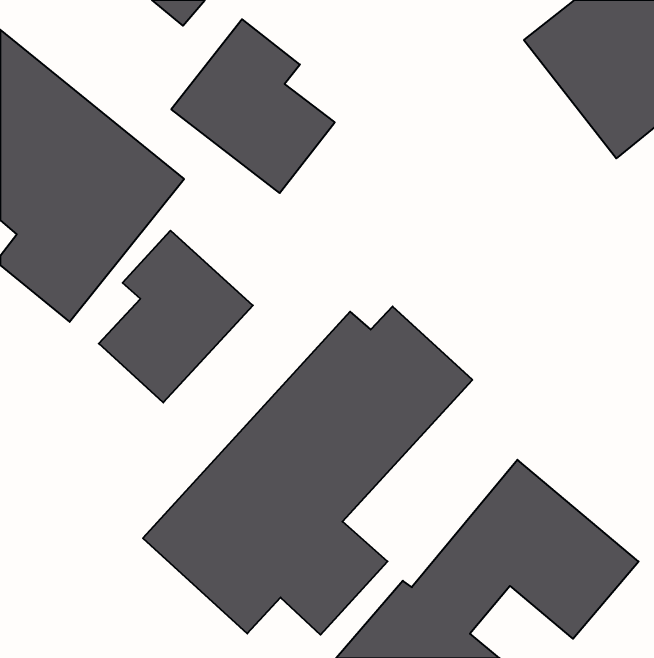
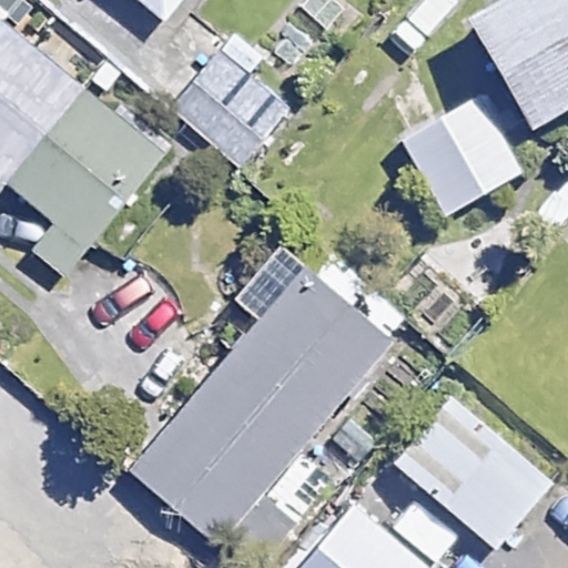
building: none -> [399,97,523,219]
building: [99,231,253,403] -> none

